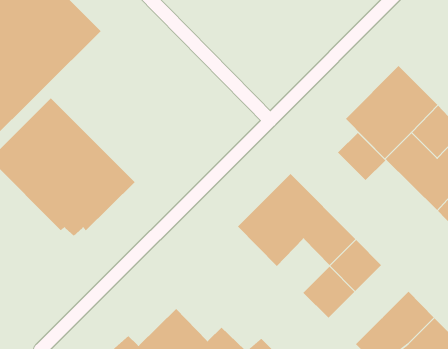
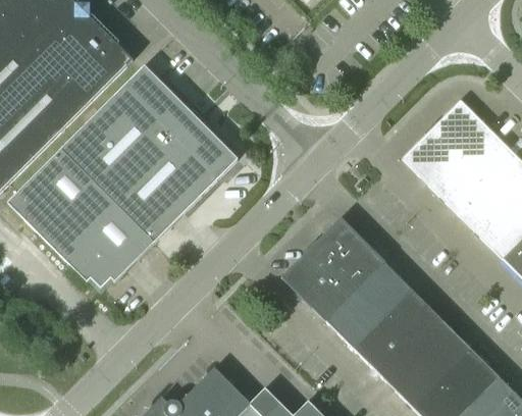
building: none -> [75,65,238,227]
building: [337,132,386,181] -> none
building: none -> [325,291,383,350]
building: none -> [382,319,471,407]

